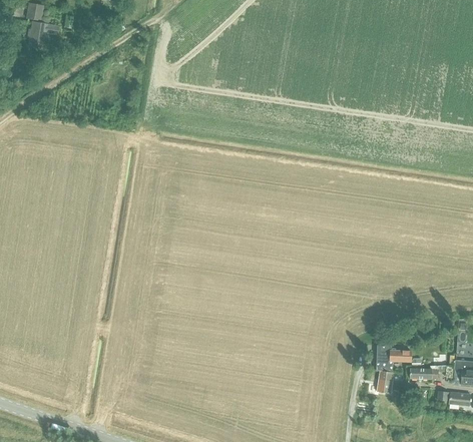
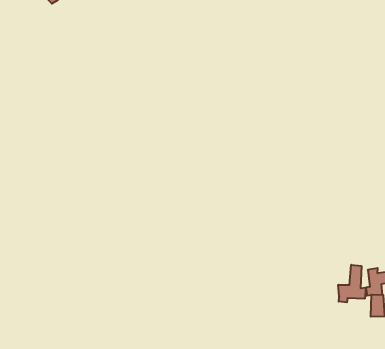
building: none -> [338,265,366,302]

